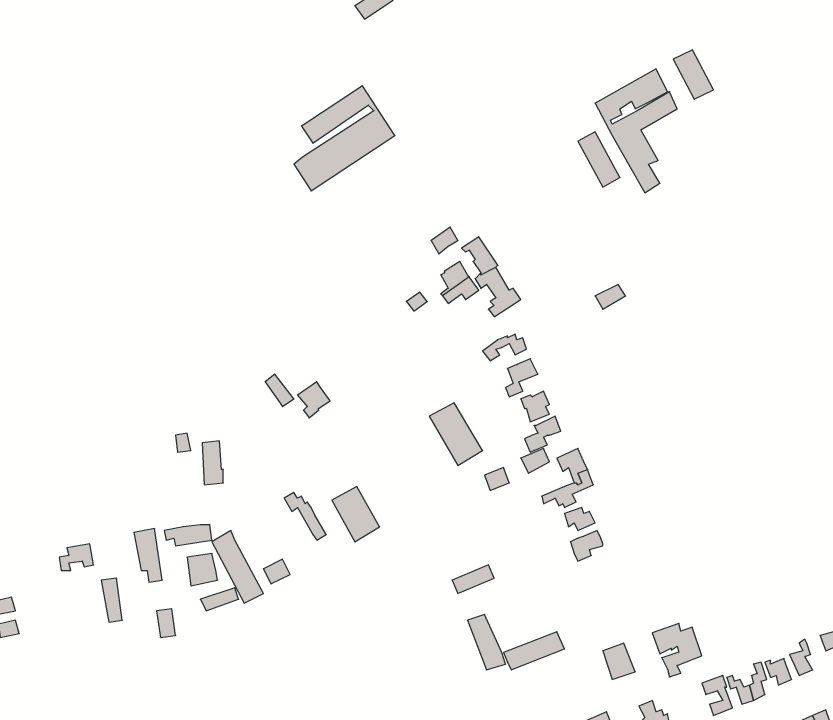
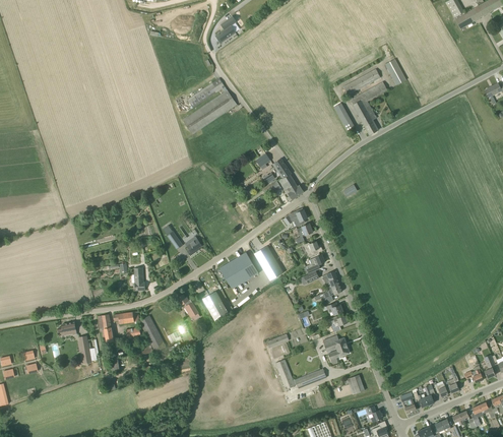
building: none -> [218,251,258,288]
building: [652,623,702,677] -> [322,334,349,363]

